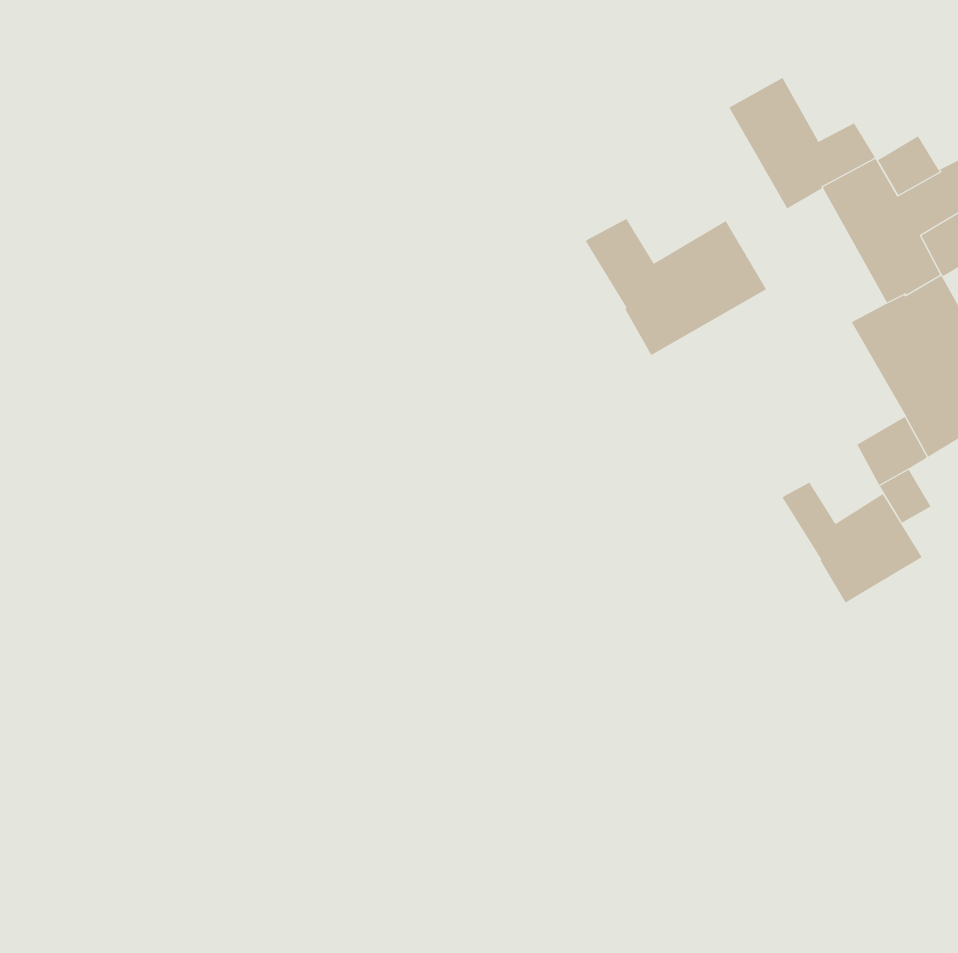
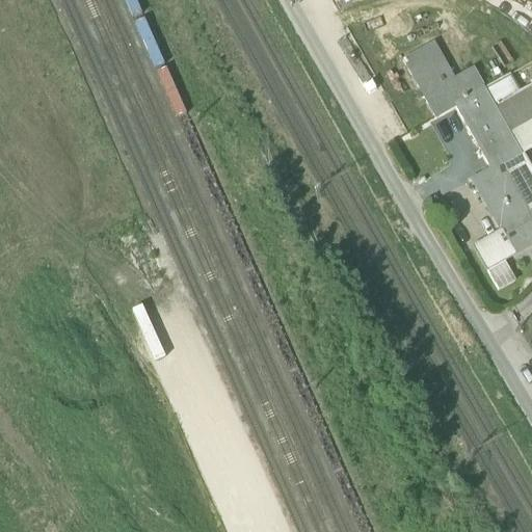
building: [586,218,767,356] -> none
building: [782,482,922,604] -> none

